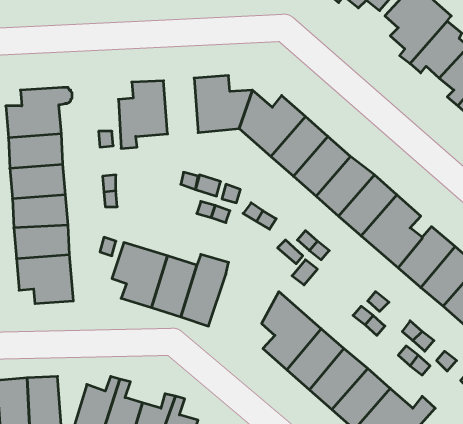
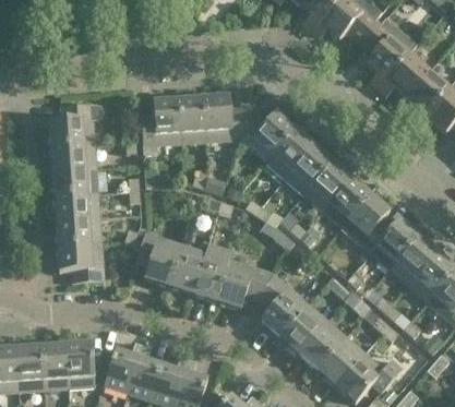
building: none -> [179,97,207,143]
building: none -> [216,259,274,309]

